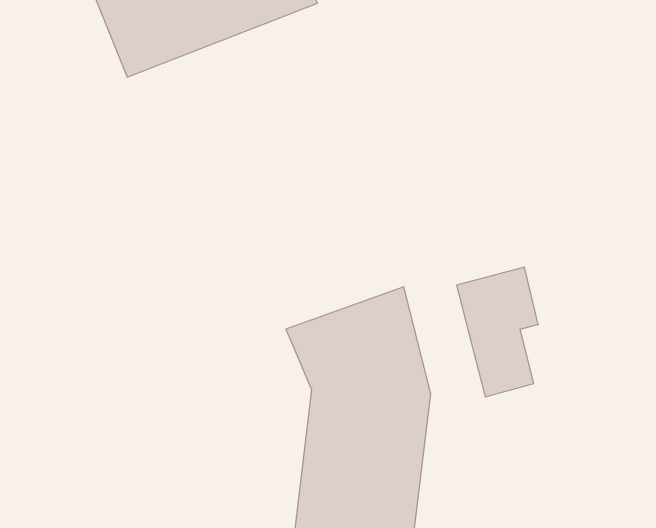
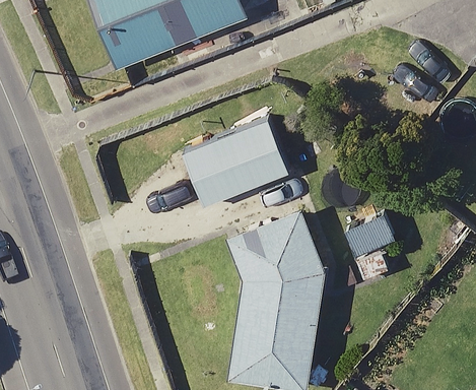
building: none -> [182,118,290,207]

